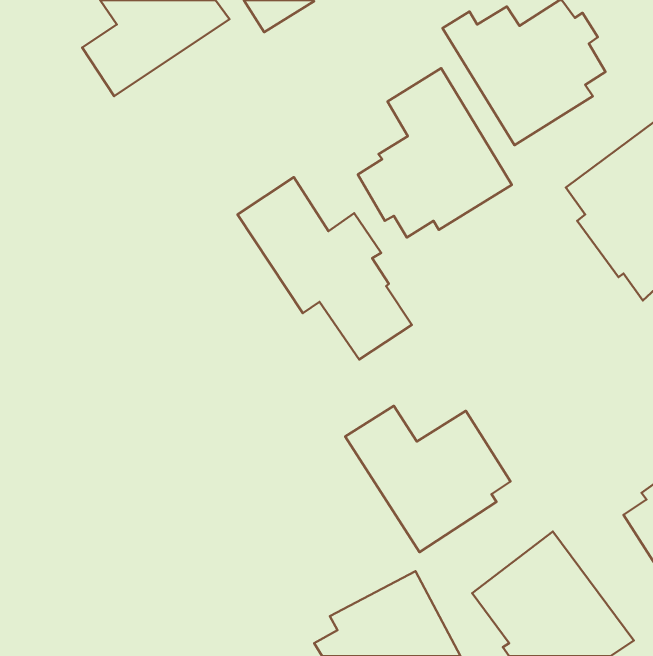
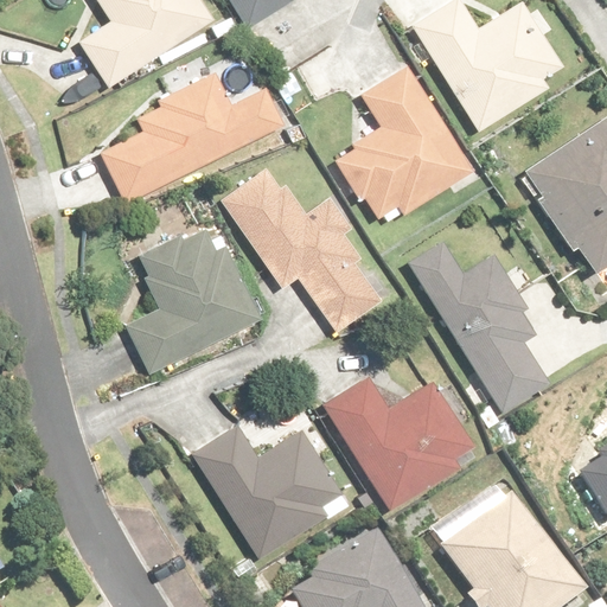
building: none -> [98,71,290,207]
building: none -> [126,223,264,375]
building: none -> [407,238,549,410]
building: none -> [192,423,344,560]

